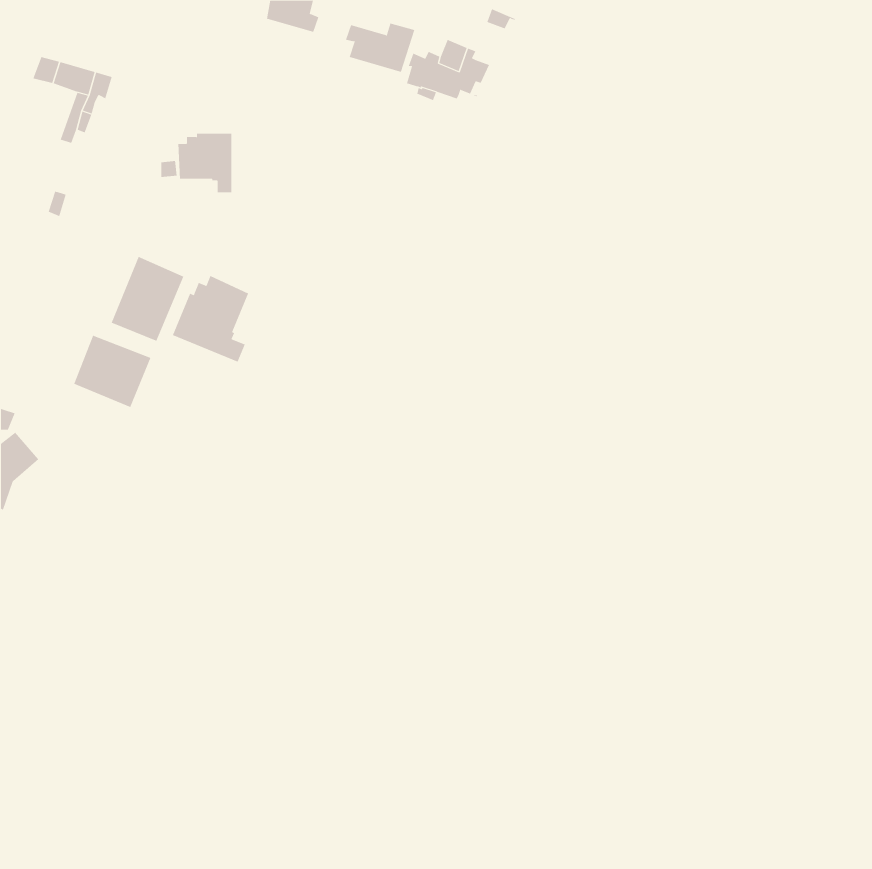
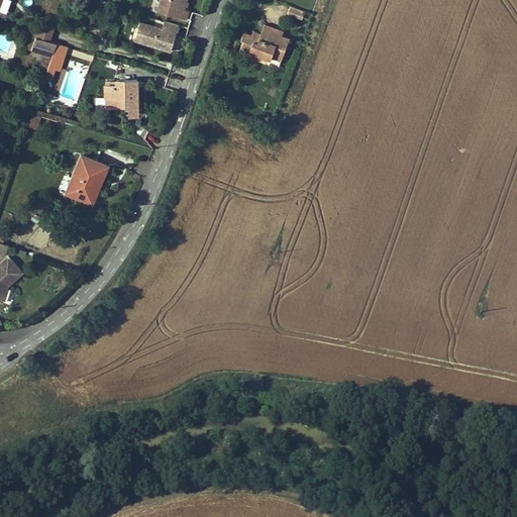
building: [345,23,415,72] -> [137,23,179,53]
building: [172,275,249,363] -> none
building: [73,335,151,408] -> none

